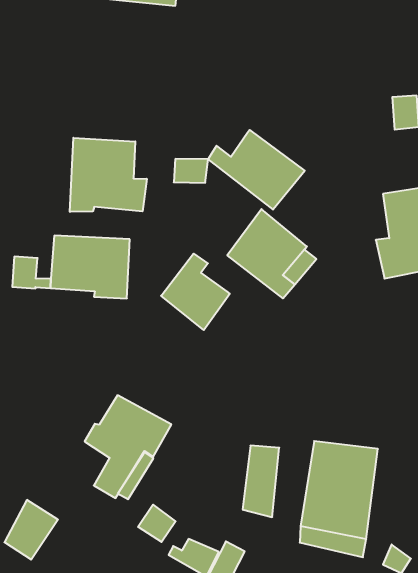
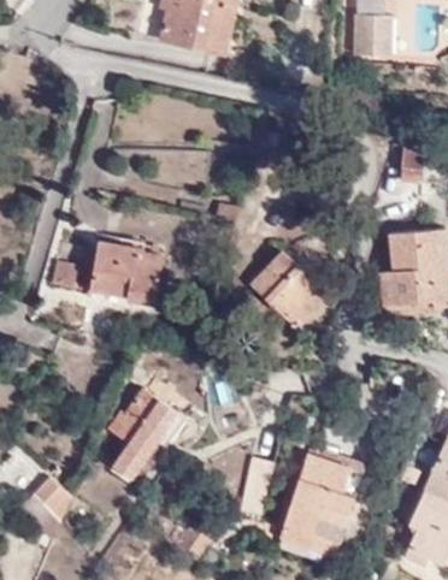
building: [208,130,305,210] -> none
building: [70,138,147,212] -> none
building: [161,254,230,330] -> none

